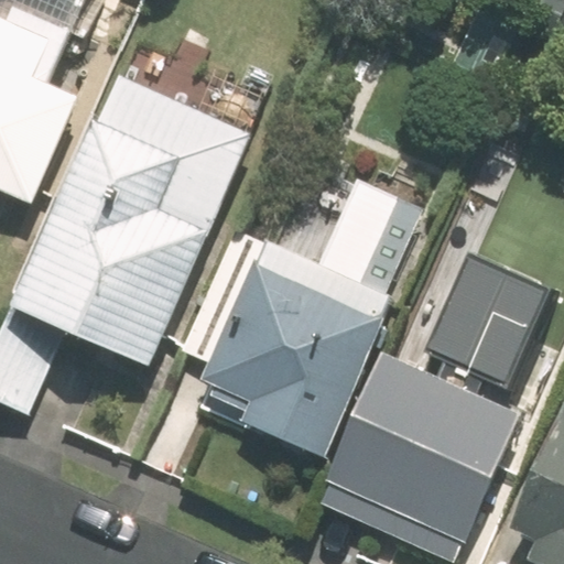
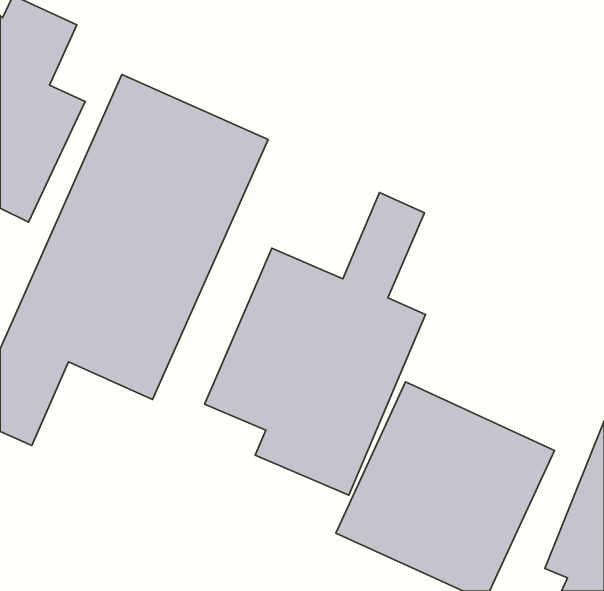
building: [420,253,551,392] -> none

